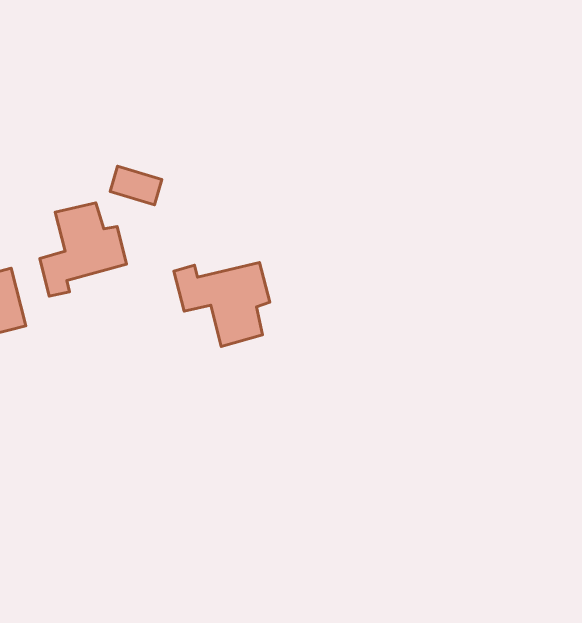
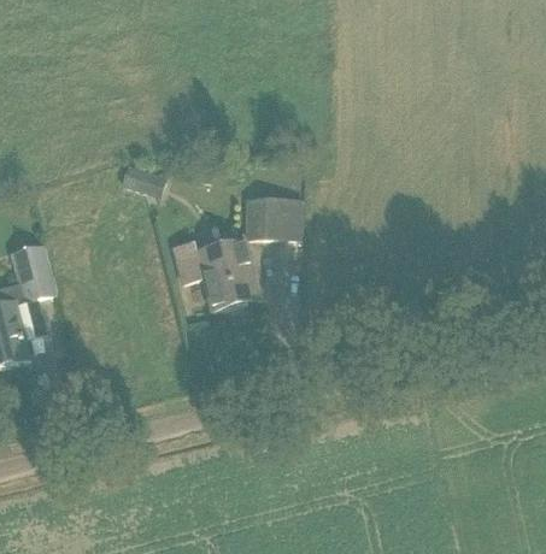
building: [40,203,127,296] -> none
building: none -> [246,195,304,237]

